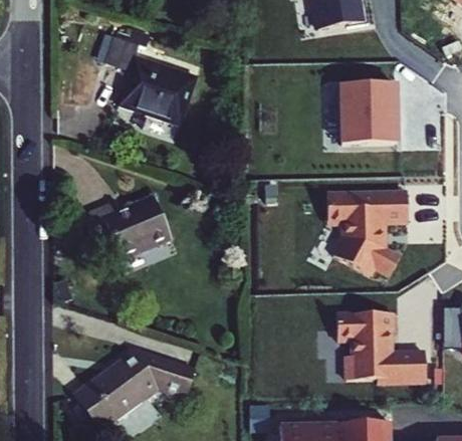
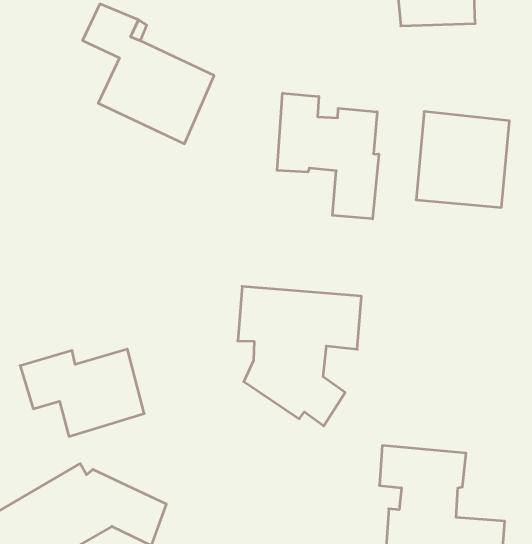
building: none -> [277,93,379,219]
building: [326,188,409,278] -> [238,286,361,426]
building: [83,195,171,258] -> [20,349,144,436]

